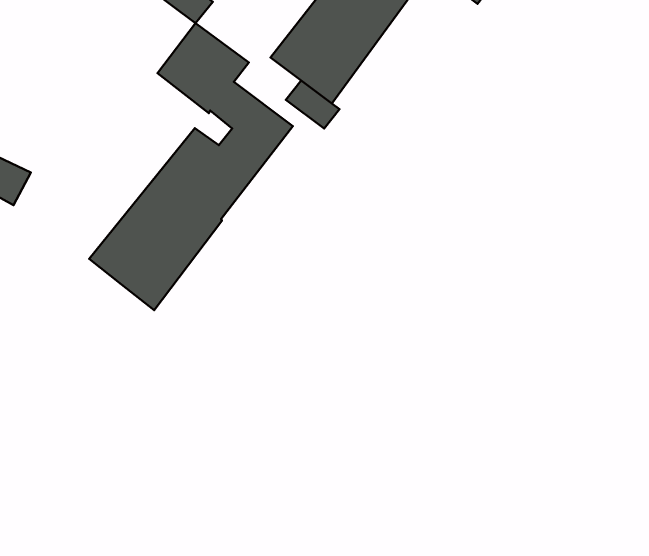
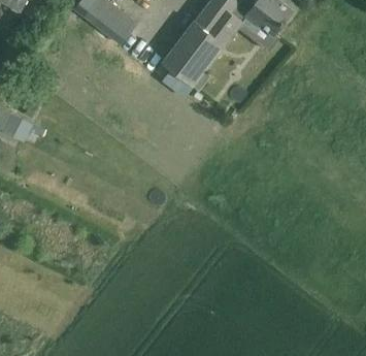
building: [89,23,293,310] -> none

